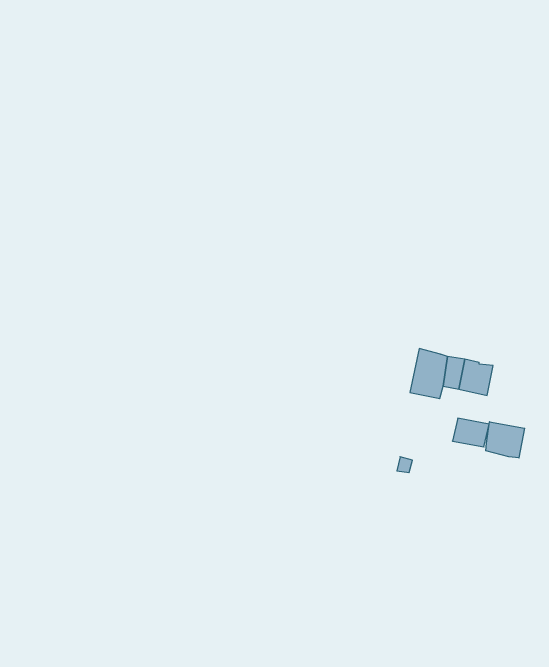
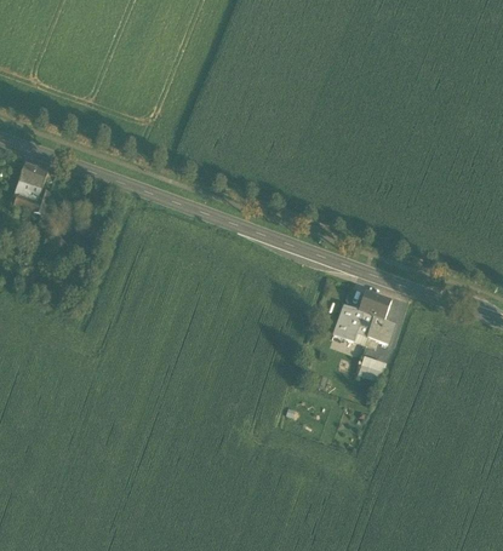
building: none -> [358,289,390,317]
building: [486,422,525,458] -> none

